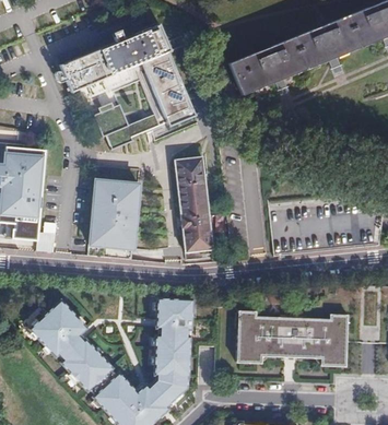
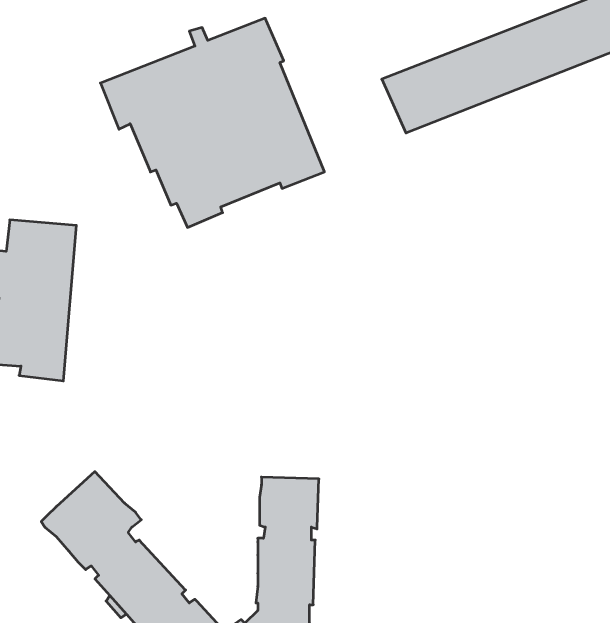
building: [174,154,214,253] -> none
building: [91,180,140,249] -> none
building: [235,309,346,366] -> none

